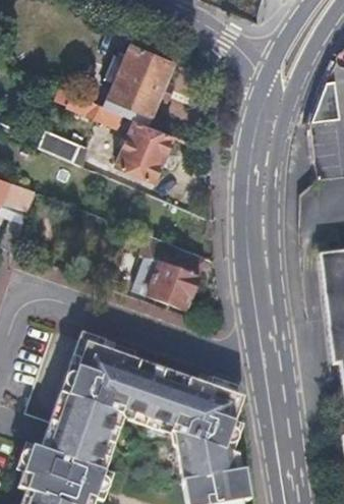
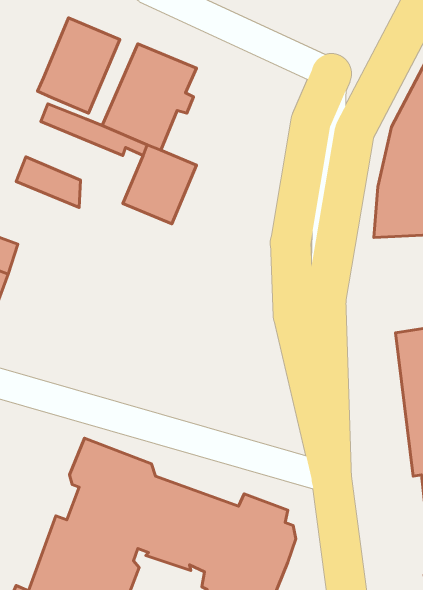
building: none -> [37,18,120,113]
building: [137,236,206,312] -> none

